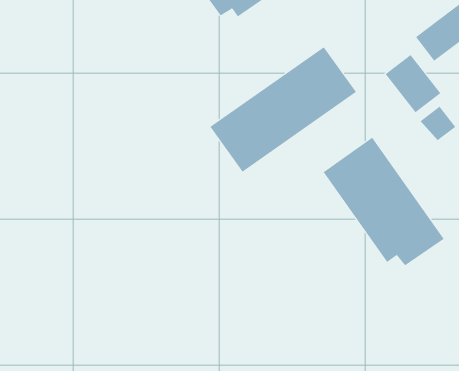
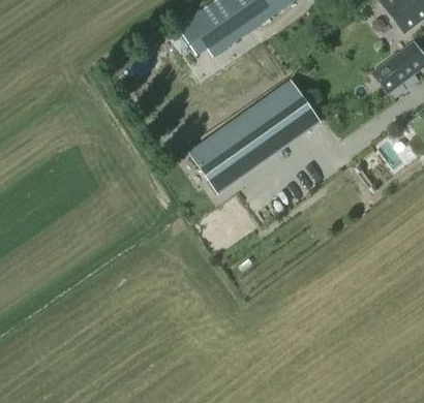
building: [385,54,441,113] -> none
building: [323,137,444,266] -> none

